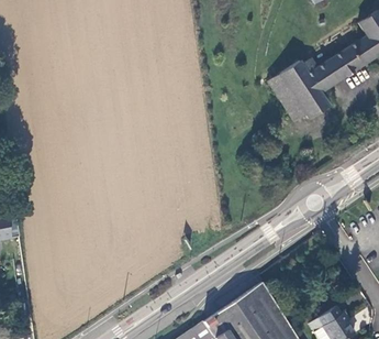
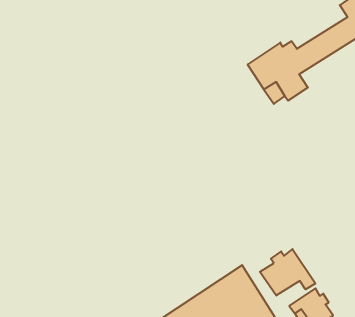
building: none -> [260,249,315,296]

